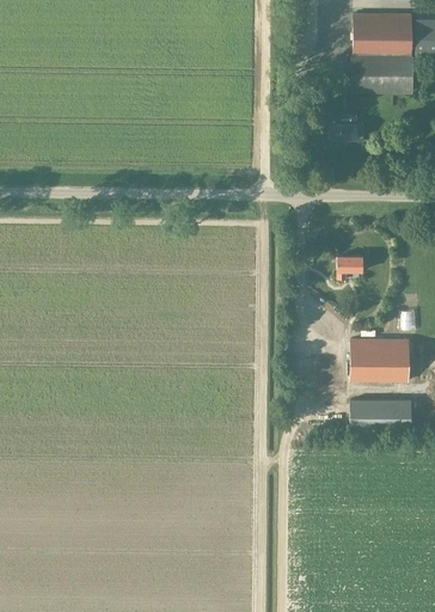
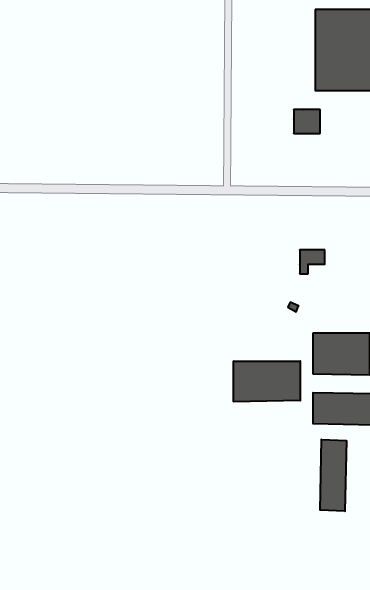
building: none -> [234,361,300,402]
building: none -> [320,439,346,511]

